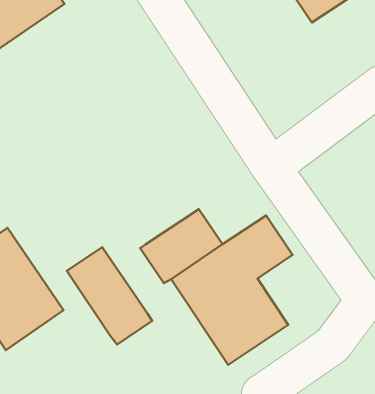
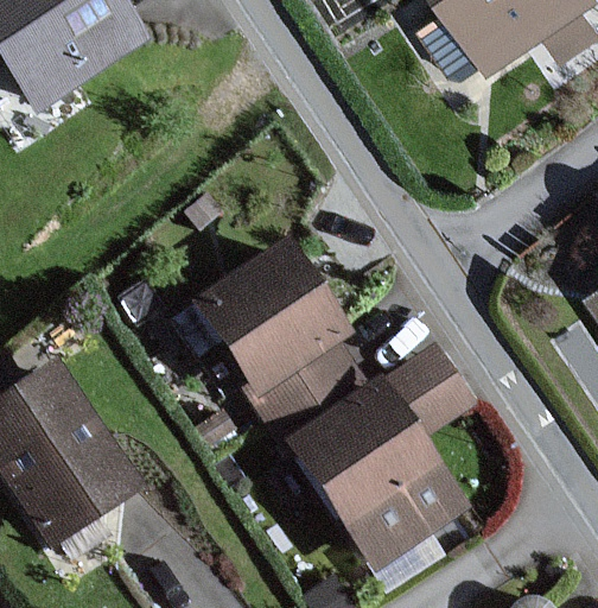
building: none -> [199,245,345,388]
building: [67,247,152,345] -> none

